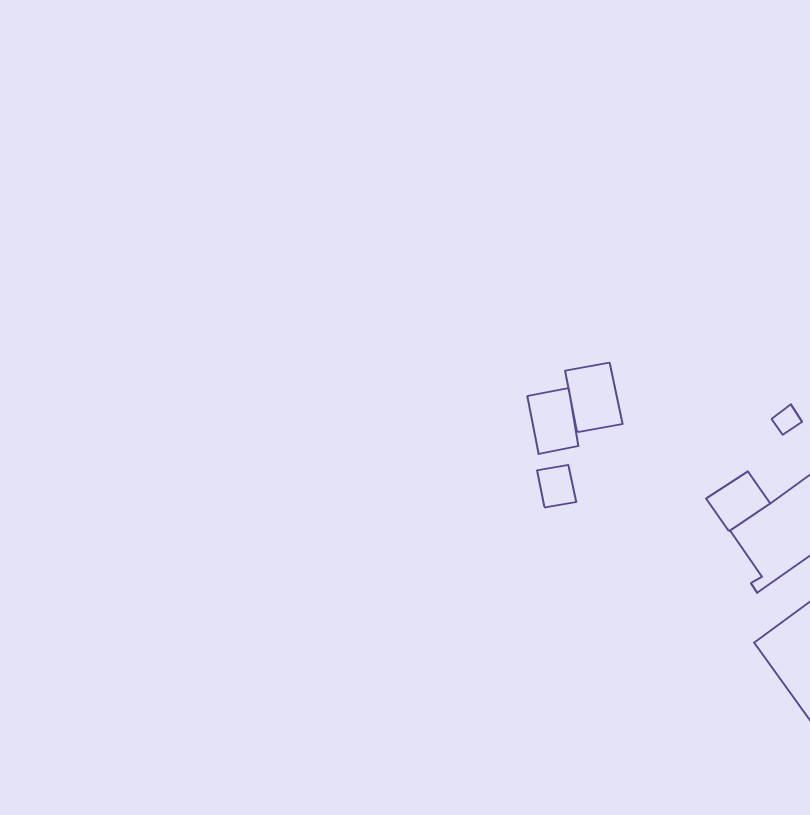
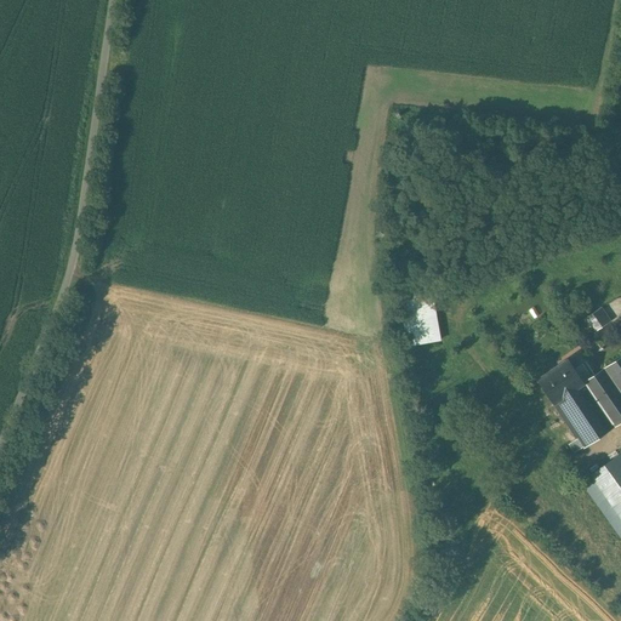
building: [565,363,622,432] -> none
building: [537,465,576,508] -> none

